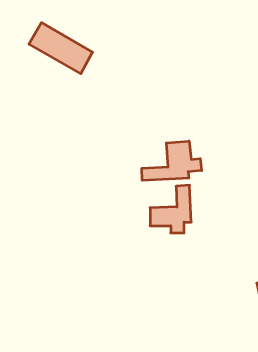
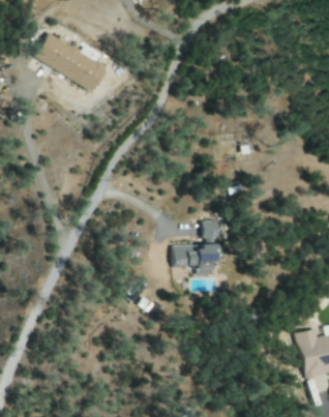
building: [142,141,202,180] -> none

